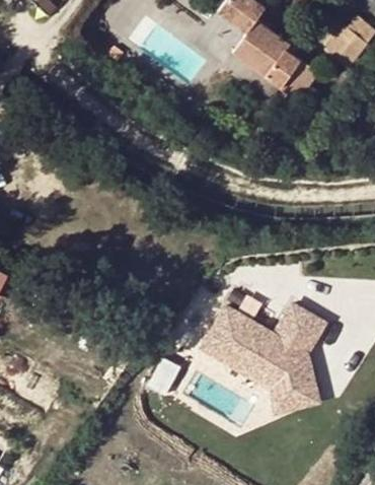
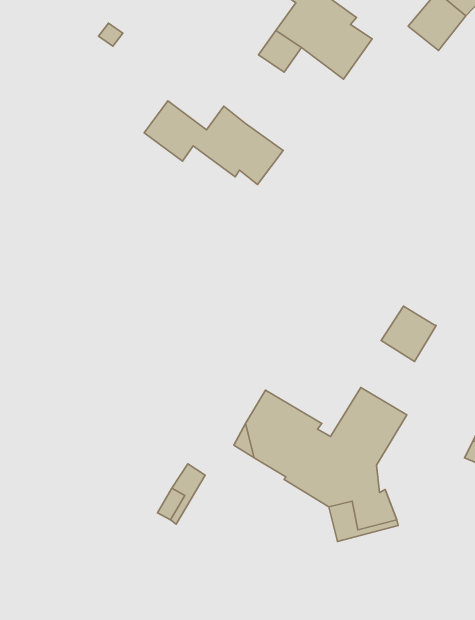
building: none -> [144,101,283,185]
building: none -> [381,306,436,361]

